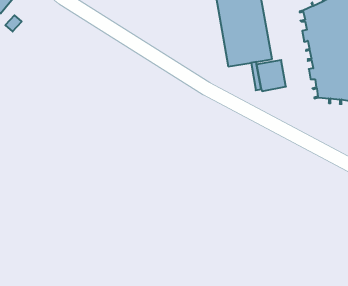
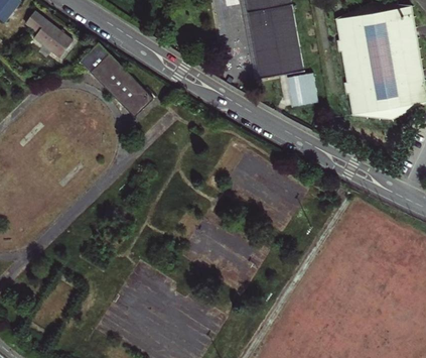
building: none -> [24,11,72,57]
building: none -> [80,42,153,117]

